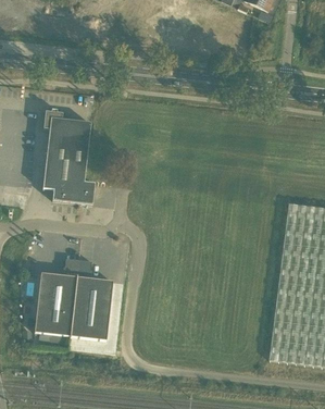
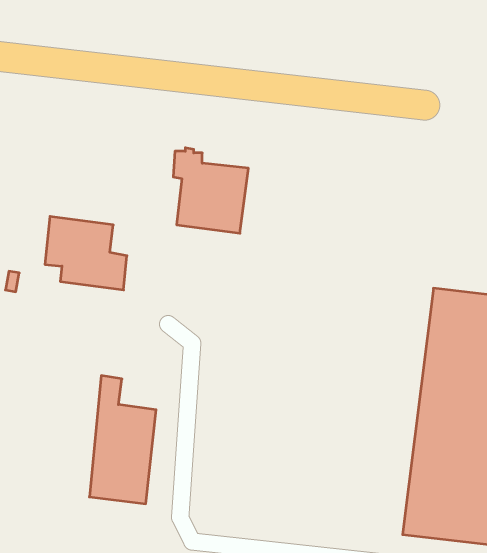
building: [43,109,91,163] -> [173,148,248,233]
building: [34,258,78,336] -> none

